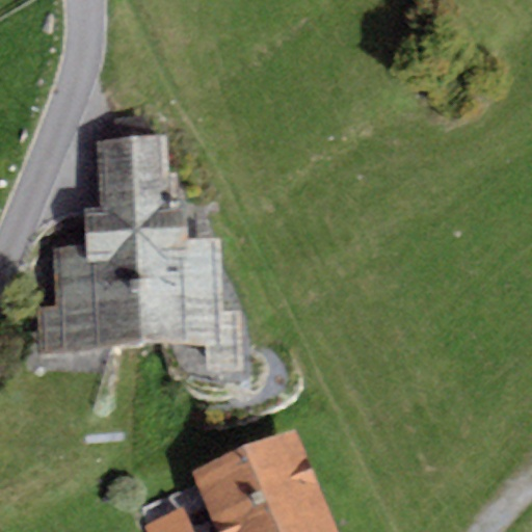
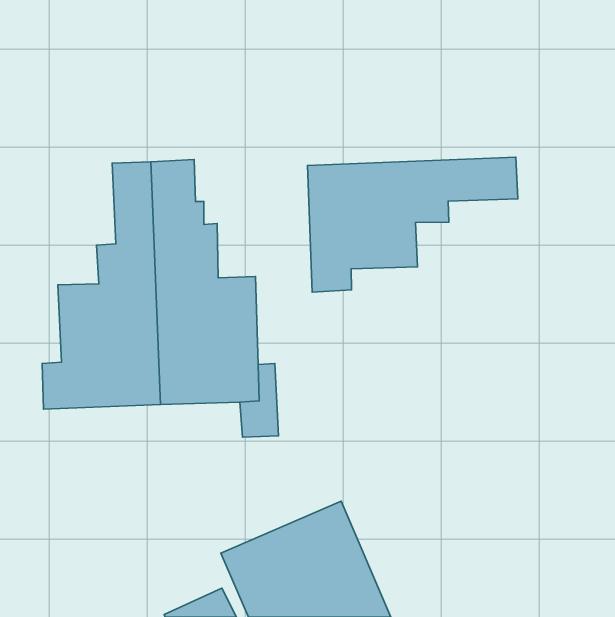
building: none -> [307,157,518,292]

